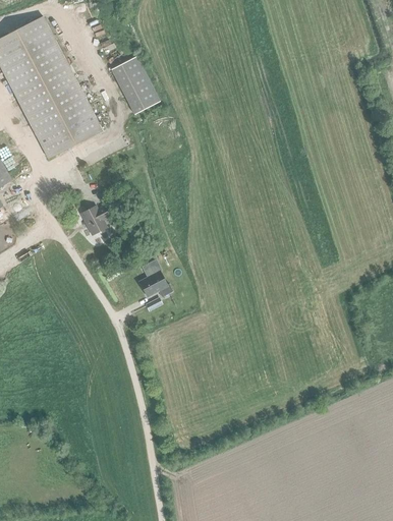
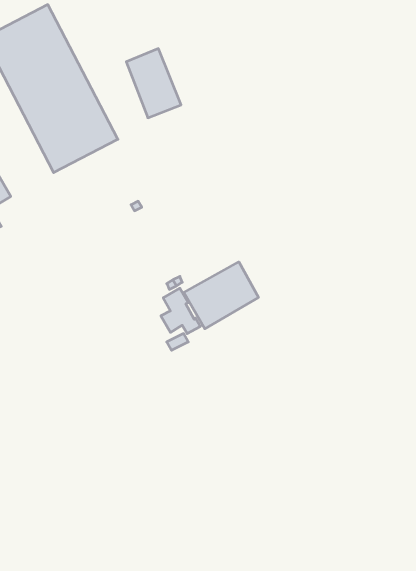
building: [81,204,113,234] -> none
building: none -> [184,262,258,329]

